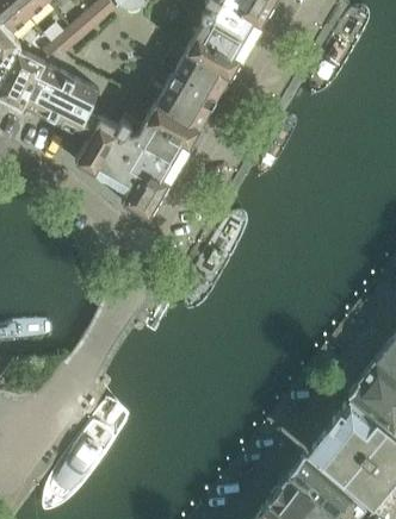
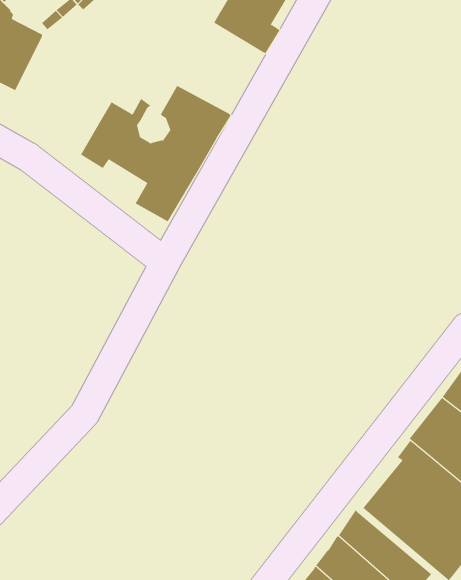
building: [155,52,228,127] -> none
building: [23,63,100,138] -> none

